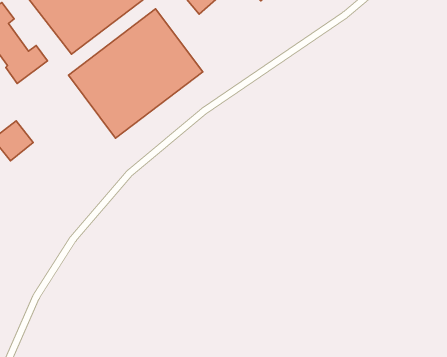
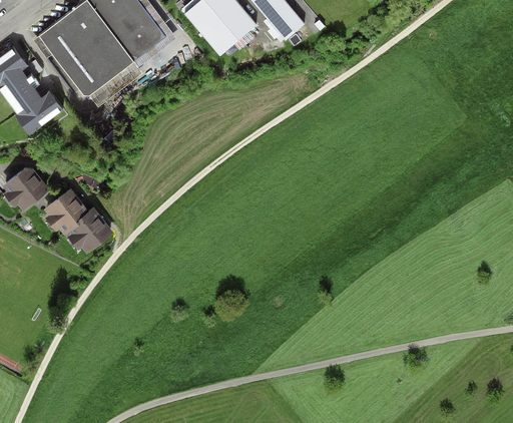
building: [68,9,203,138] -> none
building: none -> [44,188,111,252]

